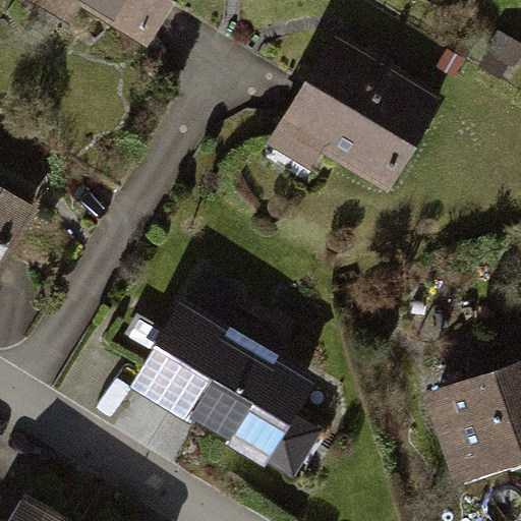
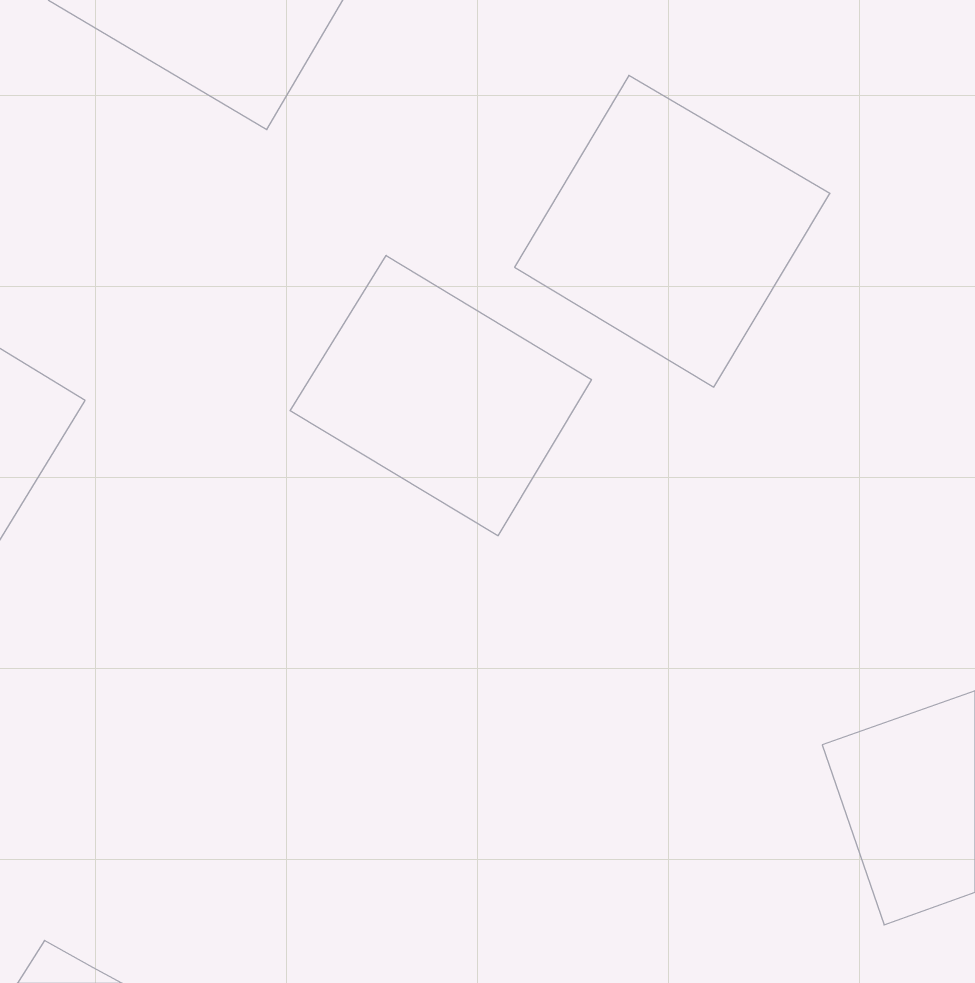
building: none -> [290,255,591,536]
building: [121,290,315,474] -> none

